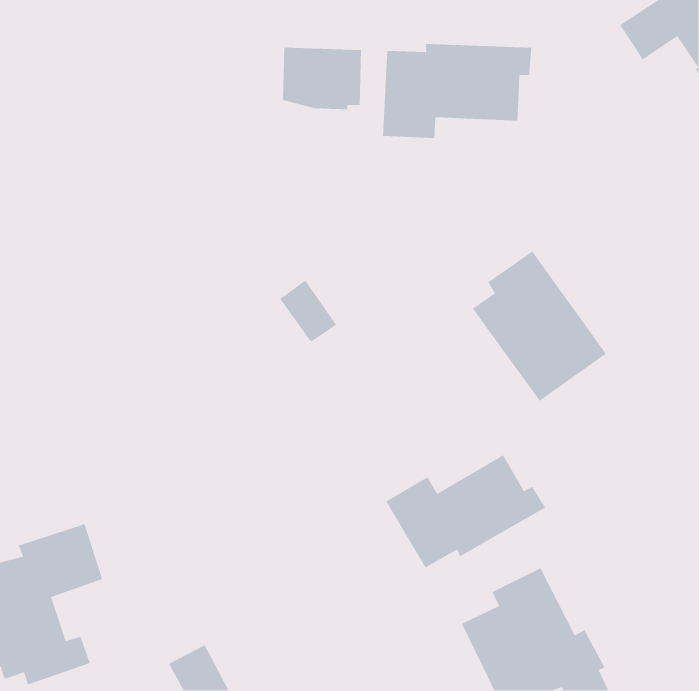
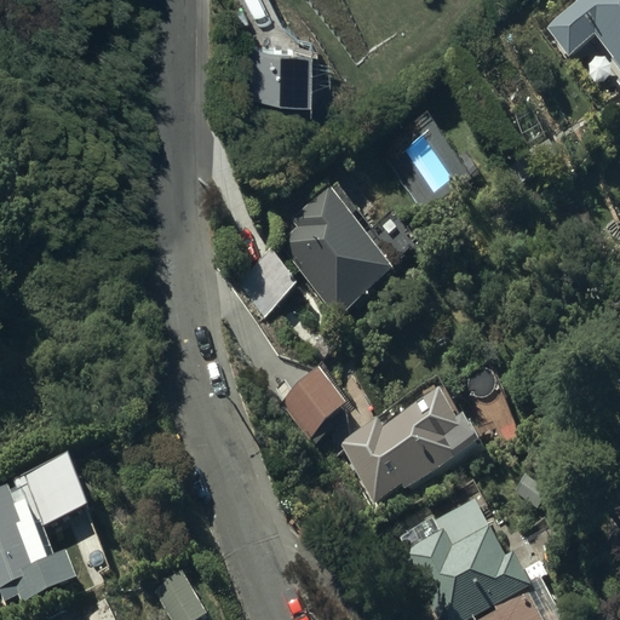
building: [382,43,532,139] -> none
building: [472,251,607,402] -> [279,186,397,320]
building: none -> [280,367,348,436]

